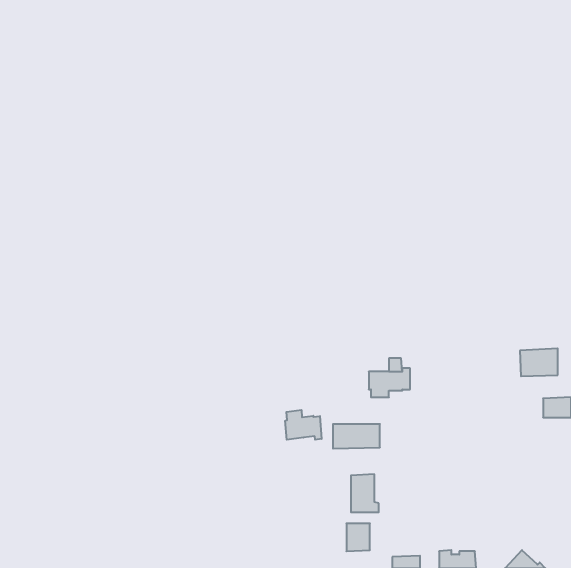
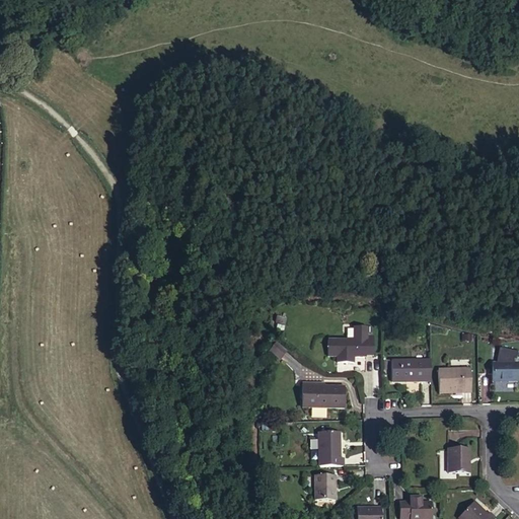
building: [520,348,558,376] -> [438,366,472,391]
building: none -> [392,359,431,380]
building: [285,410,322,440] -> none
building: none -> [447,448,468,473]

